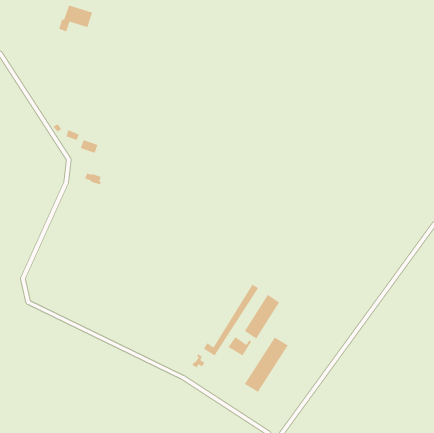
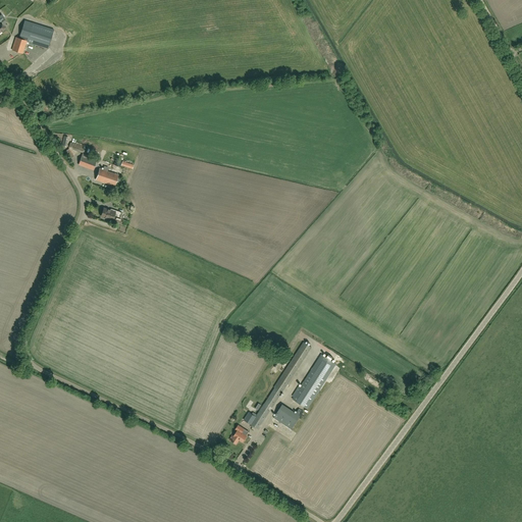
building: [58,5,93,33] -> [12,19,54,53]
building: [244,336,289,393] -> none

